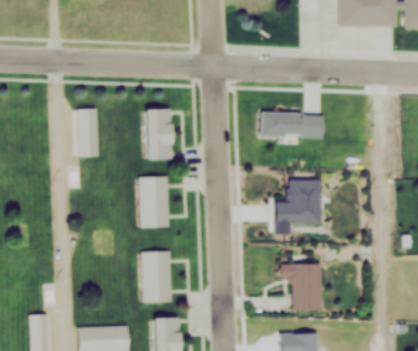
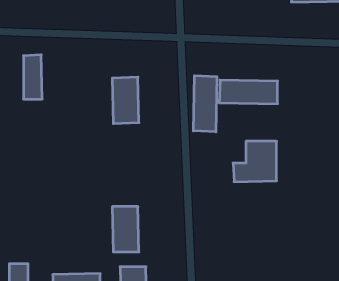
building: none -> [193,76,217,132]
building: [78,108,99,156] -> [23,55,42,99]
building: [140,176,169,227] -> none
building: [279,264,321,310] -> none

